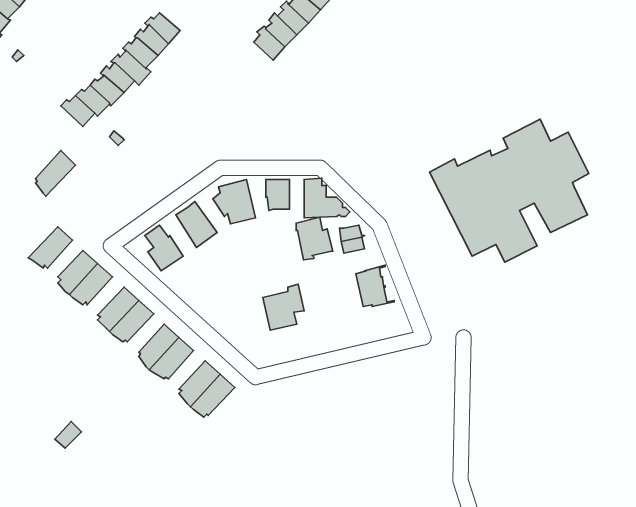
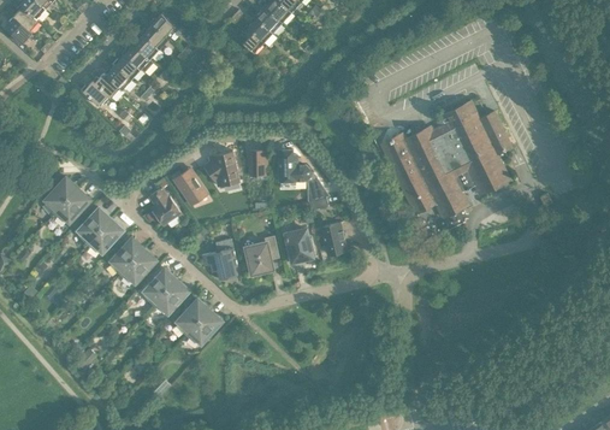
building: [36,150,75,196] -> [46,177,78,214]
building: [296,217,333,260] -> [286,229,316,264]
building: none -> [202,238,238,279]

